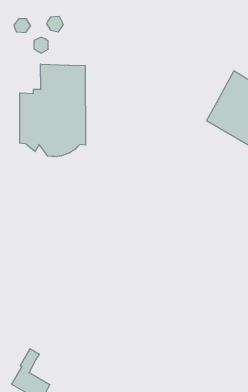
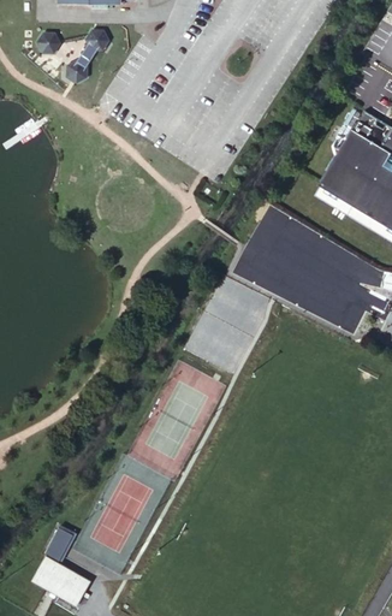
building: [20,64,86,157] -> none

